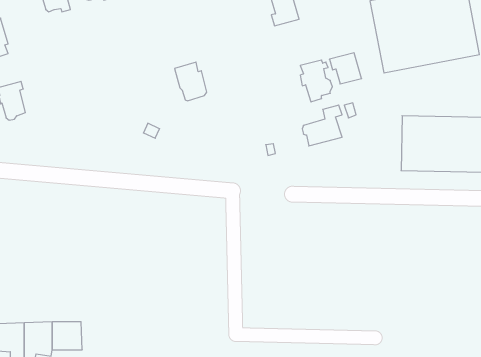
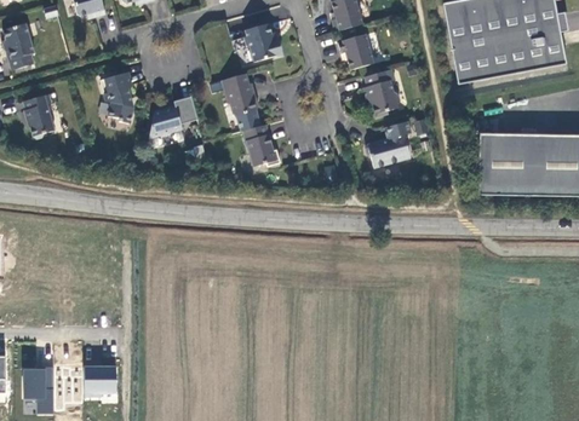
building: none -> [245,22,282,60]
building: [329,53,362,84] -> [337,33,373,68]
building: none -> [99,70,132,122]
building: none -> [148,96,197,137]
building: none -> [243,123,280,166]

